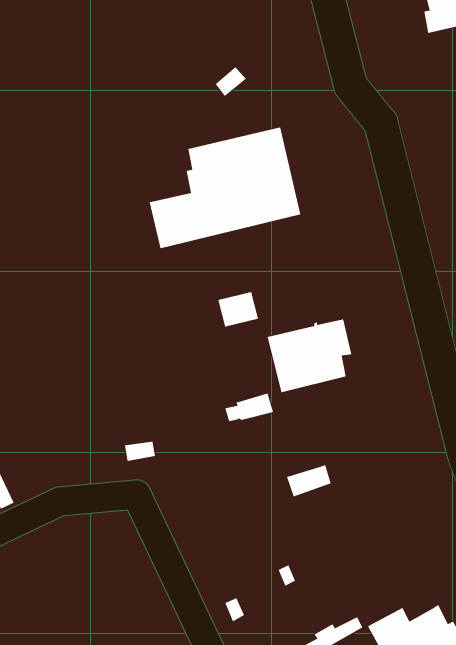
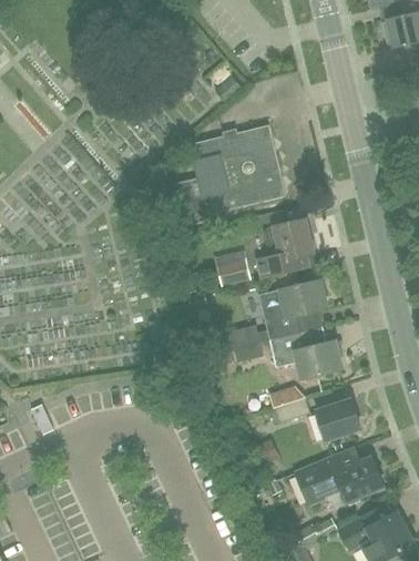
building: none -> [257,217,314,278]
building: none -> [268,326,340,378]
building: none -> [315,399,359,440]
building: none -> [295,448,384,504]

